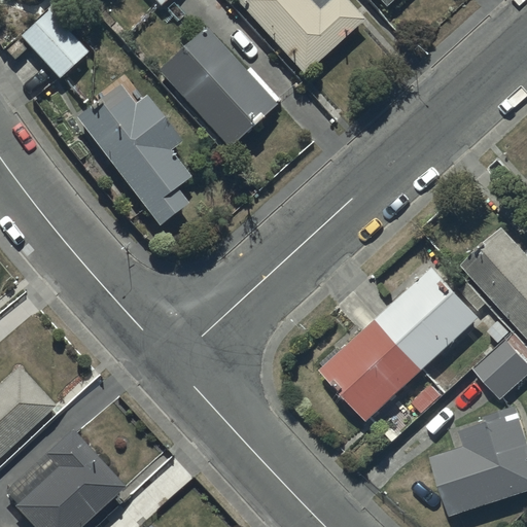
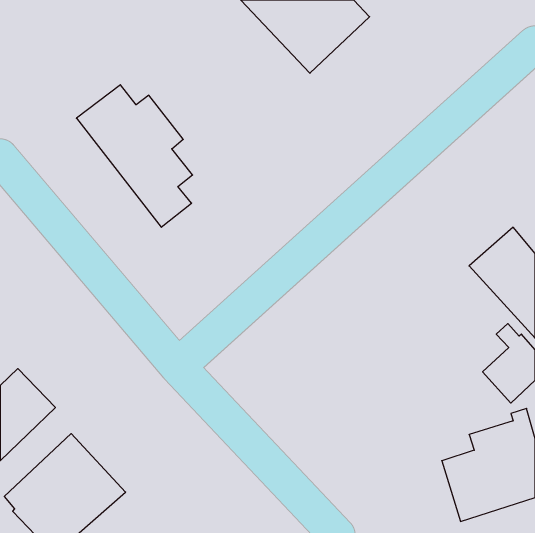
building: [5,8,87,78] -> none
building: [156,27,278,147] -> none
building: [323,265,488,418] -> none

